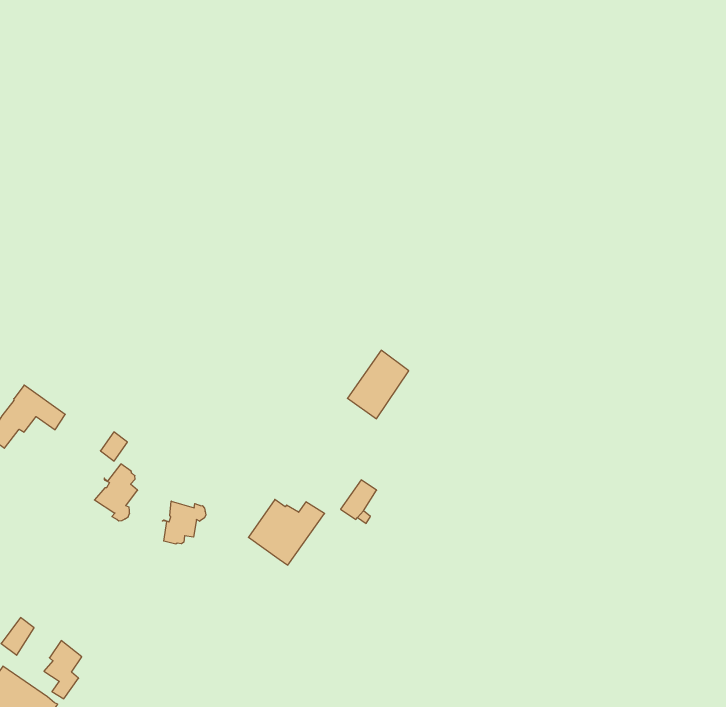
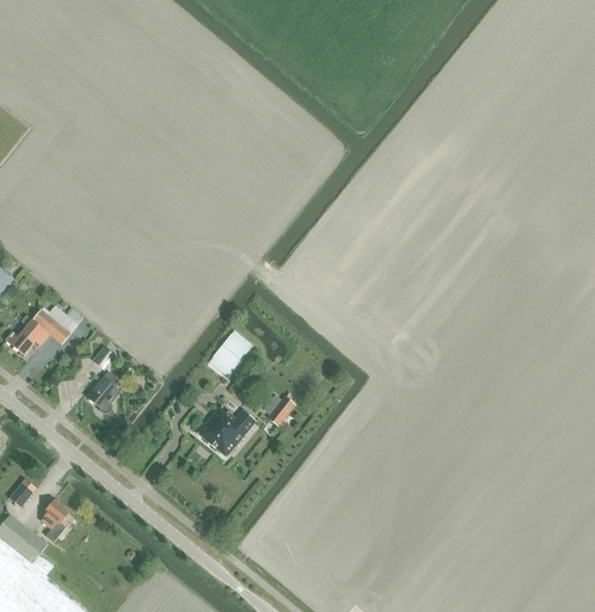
building: [347,350,409,419] -> [206,330,252,380]
building: [162,501,206,544] -> none

